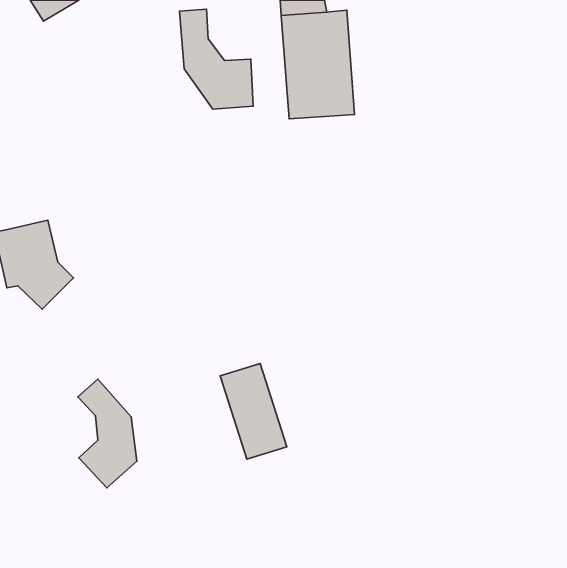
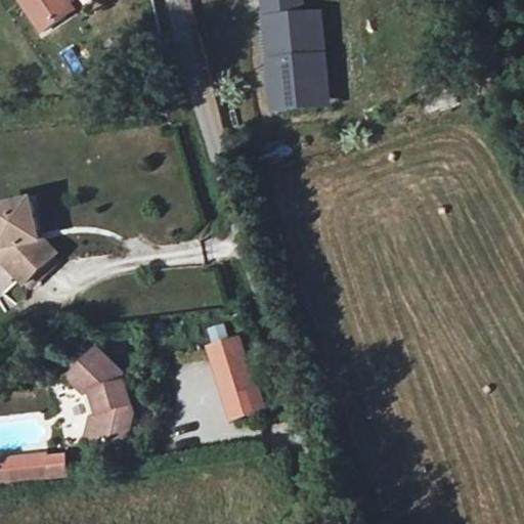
building: [180,9,253,109] -> none
building: none -> [6,453,50,482]

